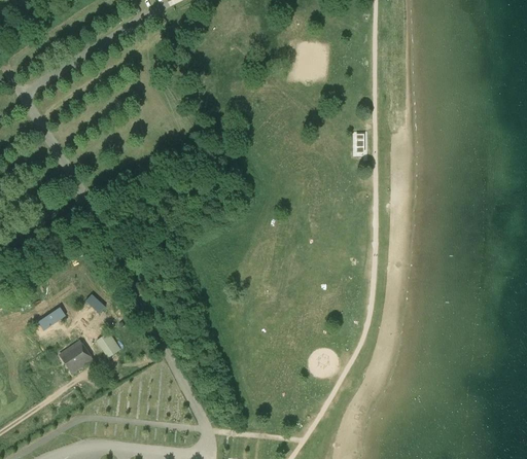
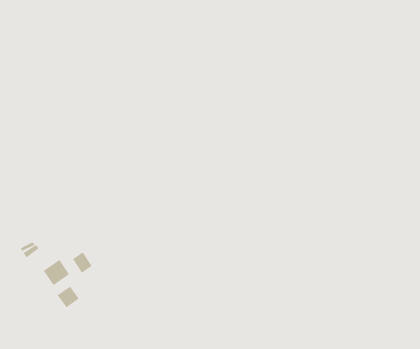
building: none -> [57,286,80,308]

